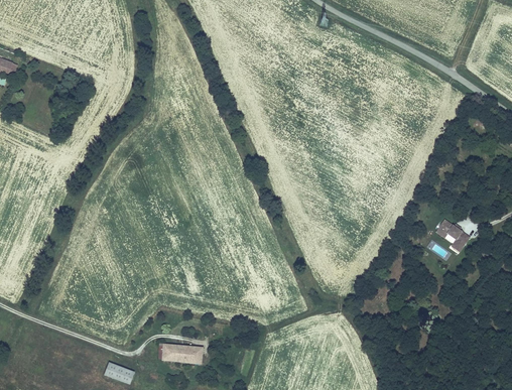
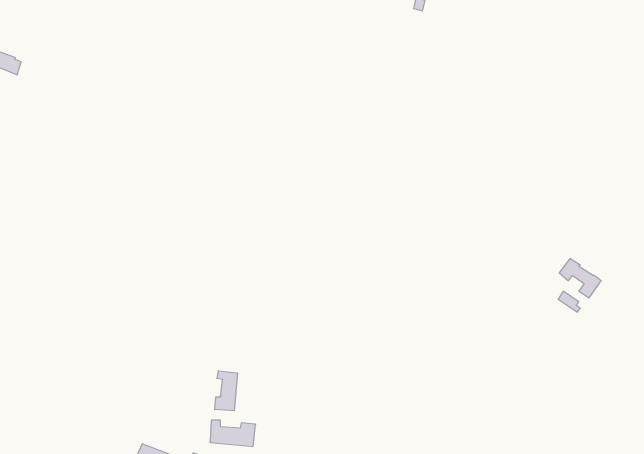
building: none -> [215,371,237,411]

